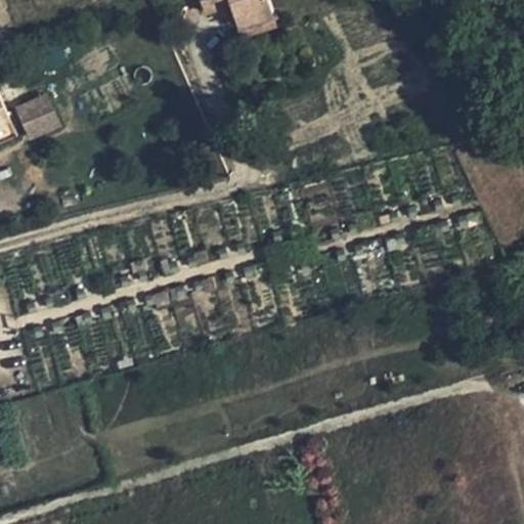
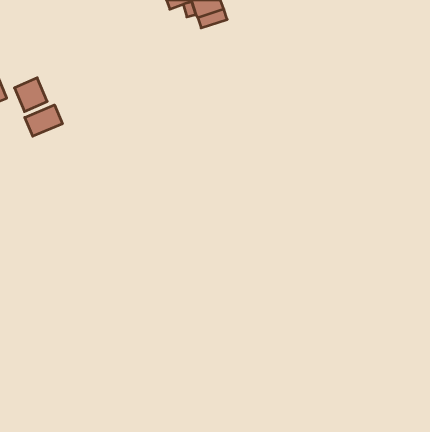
building: none -> [25,105,62,136]

